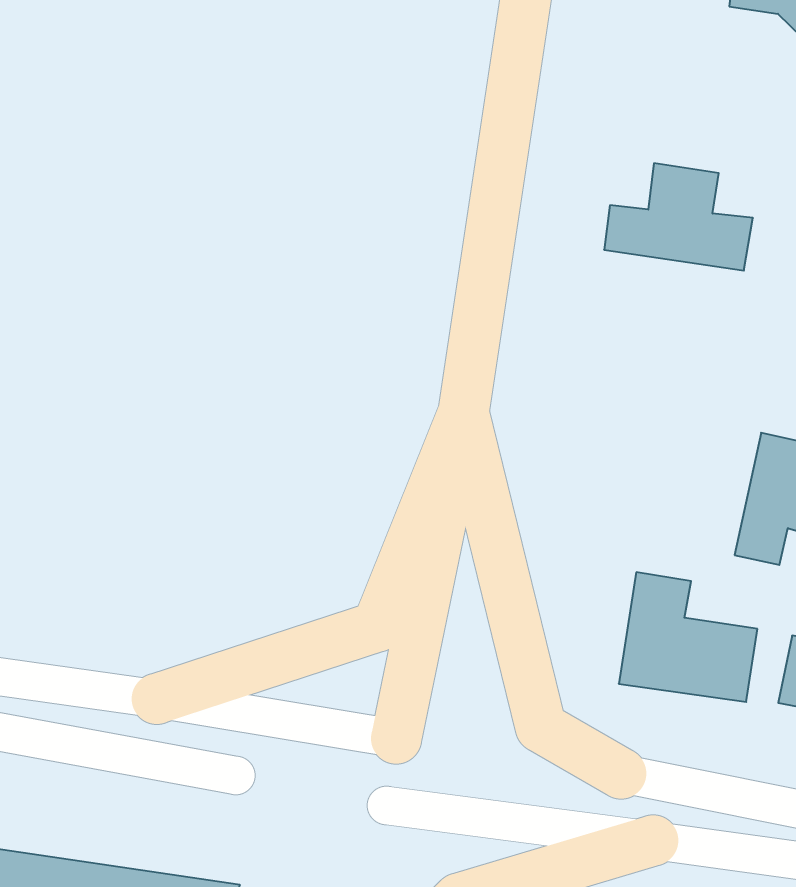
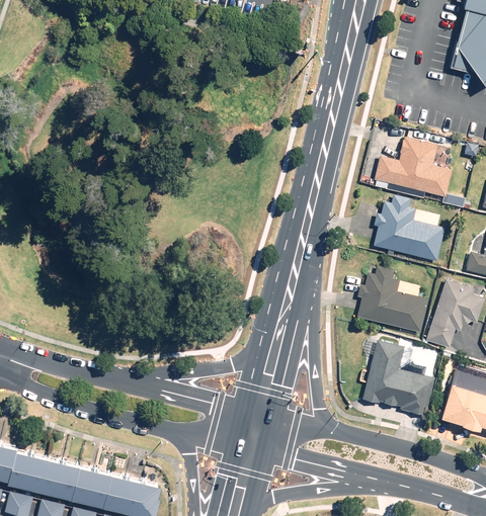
building: none -> [375,196,444,262]
building: none -> [357,267,428,333]

